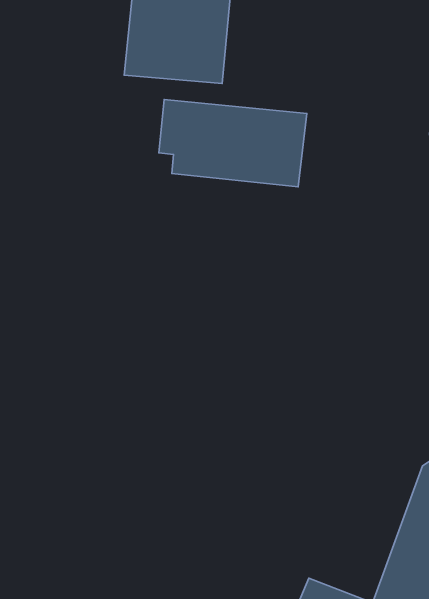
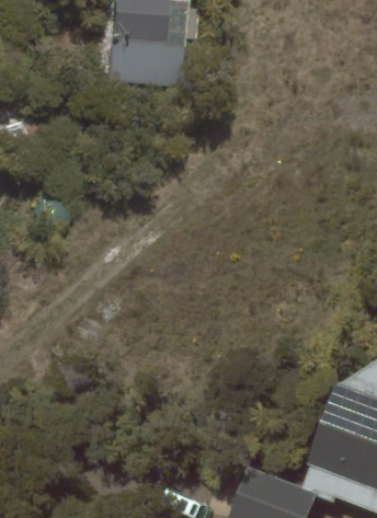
building: [159,99,307,187] -> none

